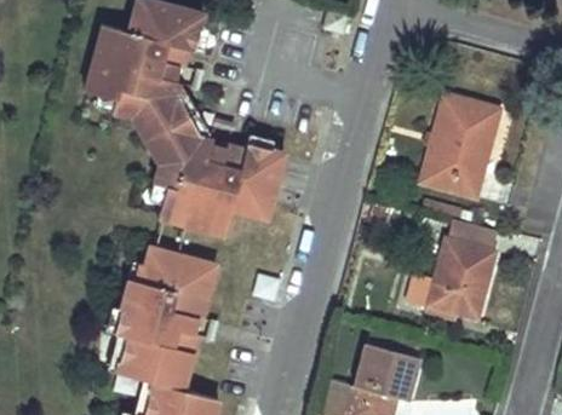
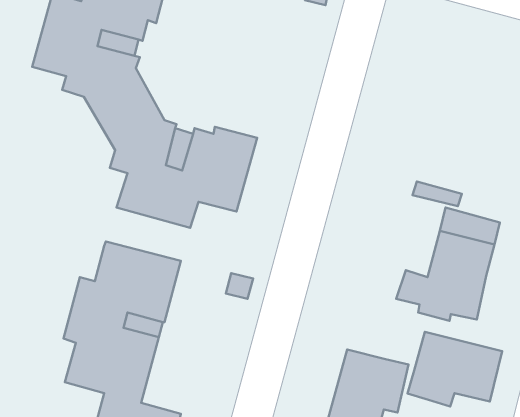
building: [422,93,500,195] -> none
building: none -> [408,332,502,407]

